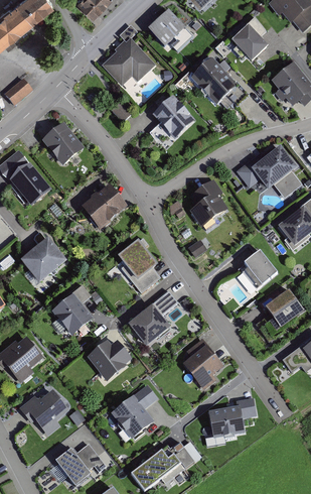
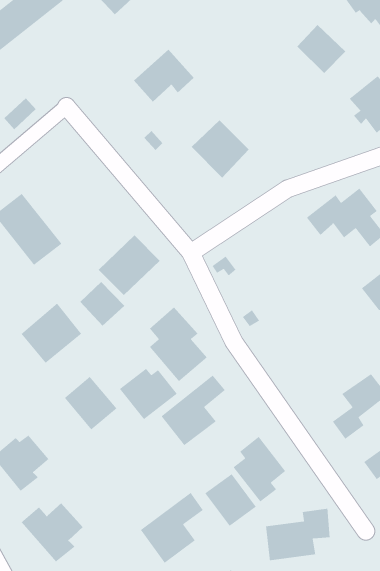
building: [147,9,193,49] -> none
building: [192,57,249,107] -> none
building: [40,122,84,165] -> none
building: [191,181,224,229] -> none
building: none -> [80,281,125,326]
building: [243,250,277,288] -> none
building: [88,340,133,380] -> [119,368,178,420]
building: none -> [204,473,257,527]

